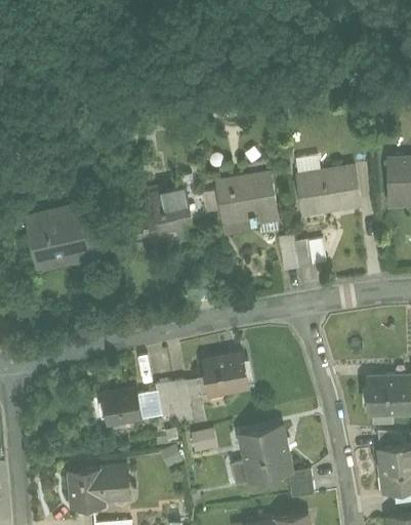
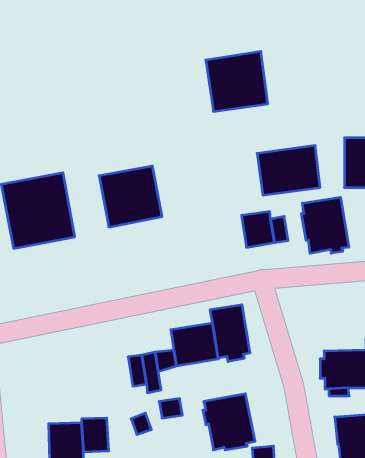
building: [211,167,277,231] -> [206,51,268,111]
building: none -> [301,197,349,253]
building: none -> [210,305,250,362]
building: [100,388,145,426] -> none

